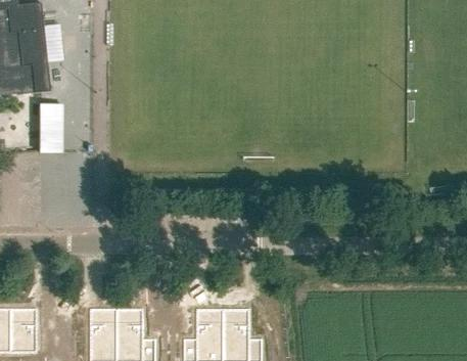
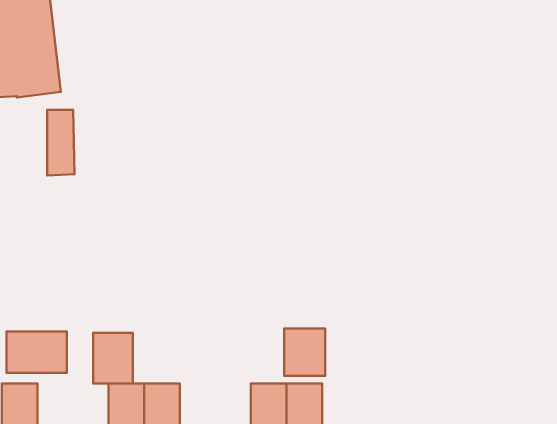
building: none -> [284,329,325,376]
building: none -> [7,332,67,373]
building: none -> [93,333,133,384]

